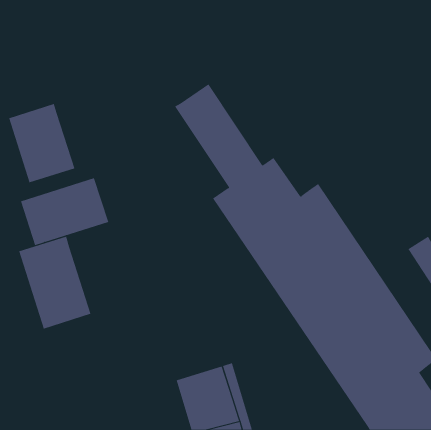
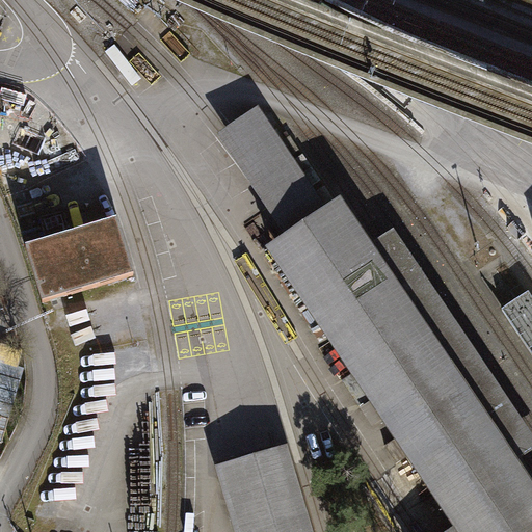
building: [8,103,75,183] -> none
building: [18,236,91,329] -> none

